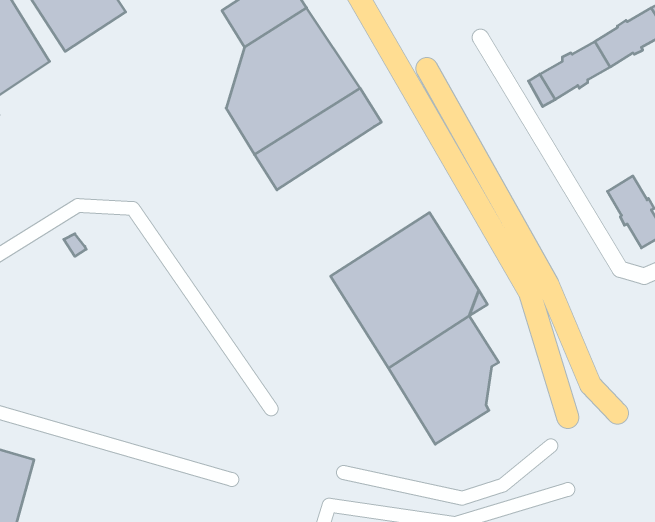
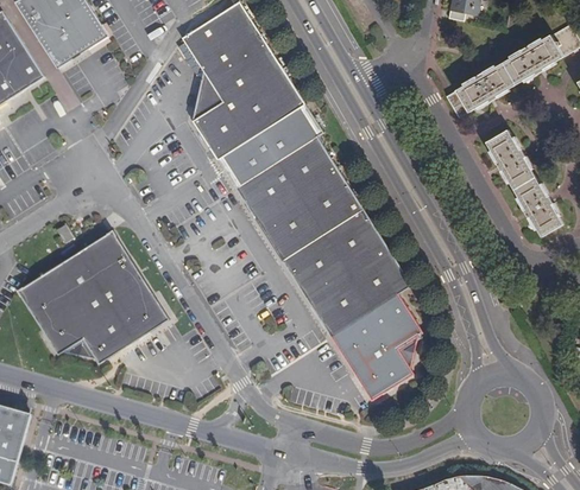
building: none -> [485,129,534,189]
building: none -> [234,134,363,260]
building: none -> [17,230,168,362]

